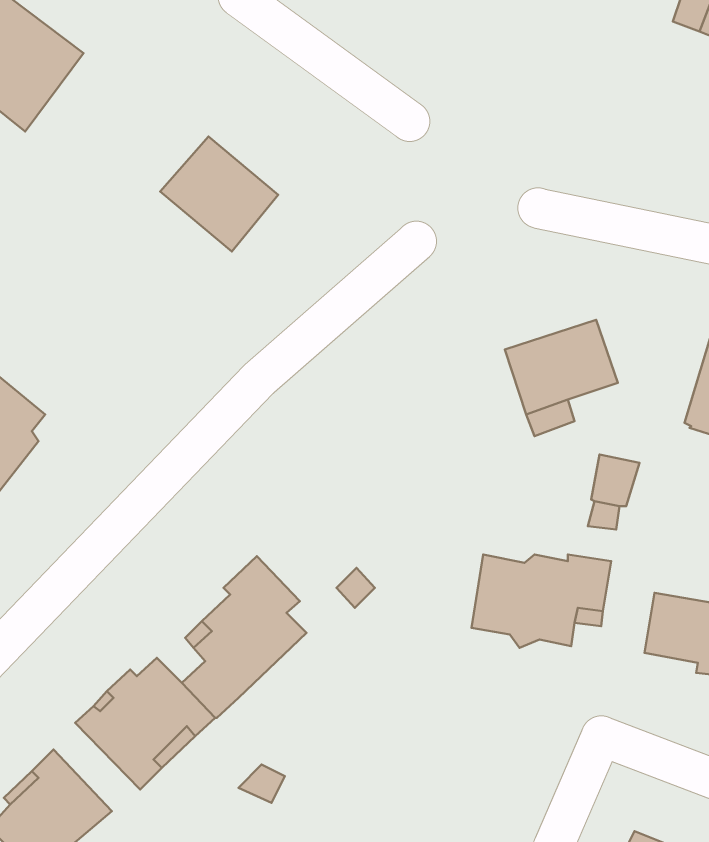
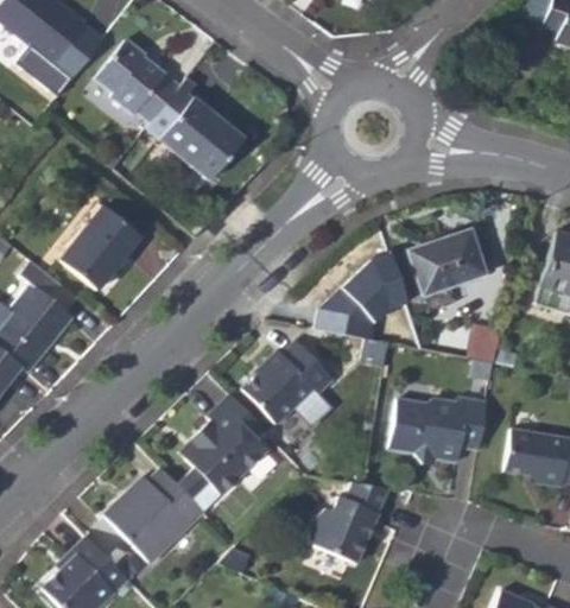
building: none -> [96,39,179,121]
building: none -> [62,205,141,289]
building: none -> [318,254,412,338]
building: none -> [240,341,331,425]
building: none -> [302,482,382,564]

